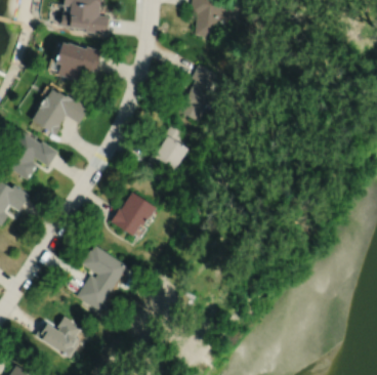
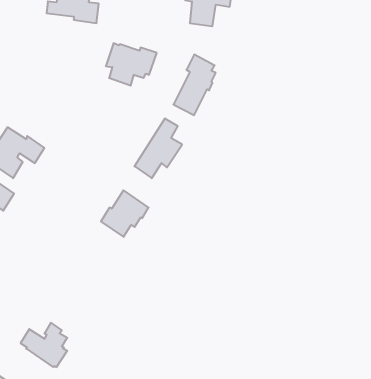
building: [54,42,102,82] -> [106,43,157,86]
building: [32,89,90,135] -> none
building: [78,247,128,311] -> none

